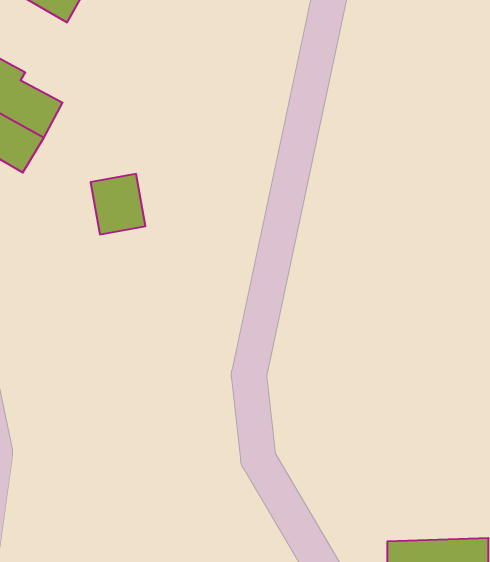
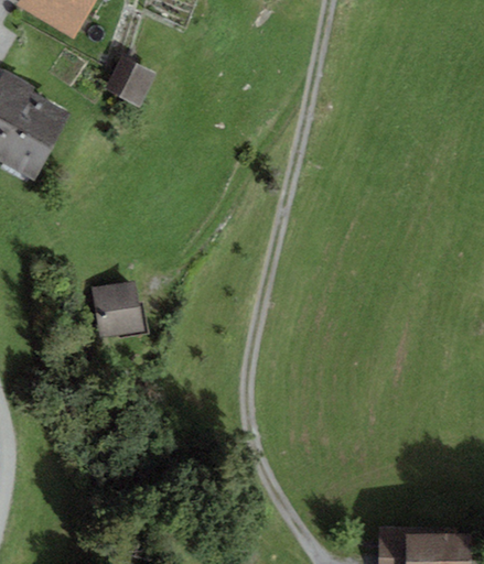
building: none -> [104,56,155,108]
building: [91,174,145,234] -> [89,281,141,338]

